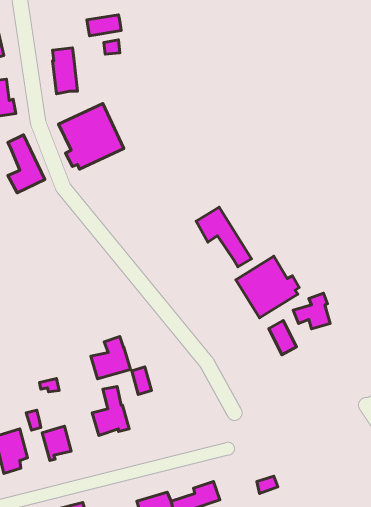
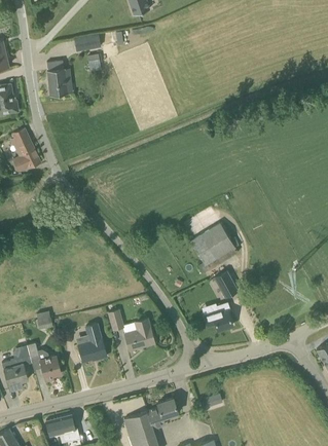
building: [58,103,124,169] -> none
building: [196,207,251,267] -> none
building: [293,293,330,329] -> [204,302,232,330]
building: [91,337,130,379] -> [124,318,155,350]

